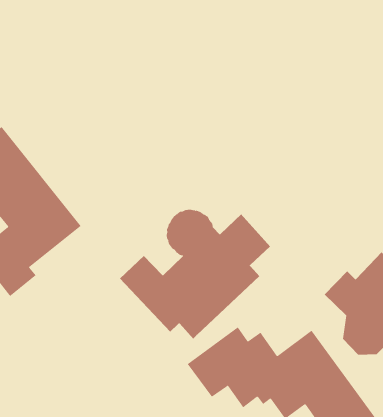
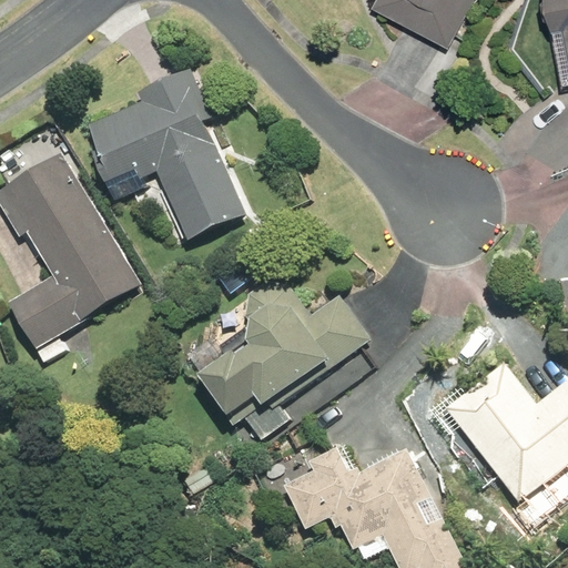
building: none -> [90,69,250,242]

